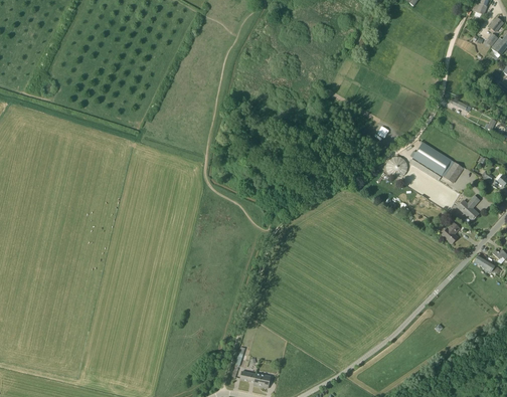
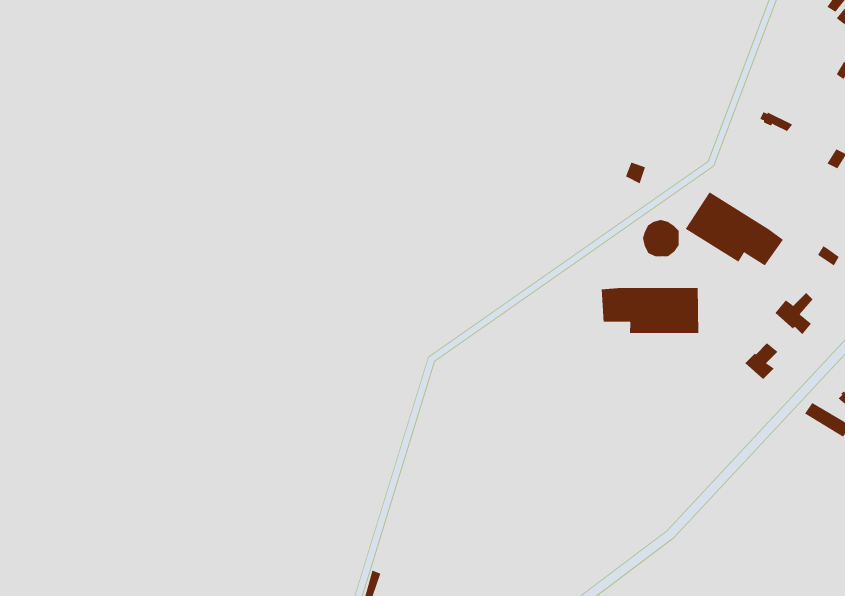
building: none -> [601,287,699,334]

